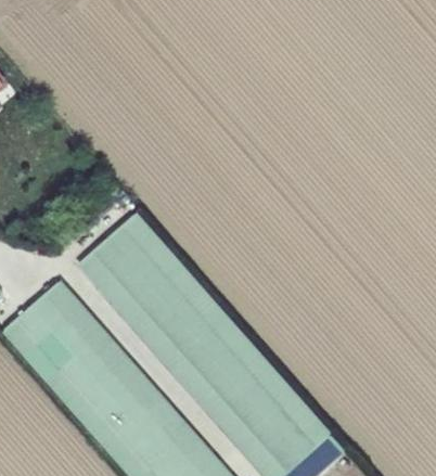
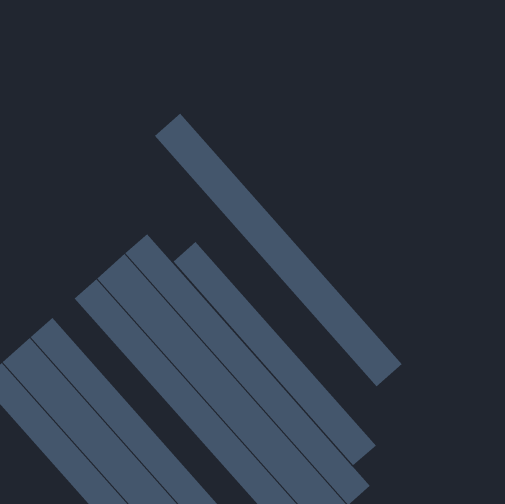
building: none -> [154,113,403,387]
building: none -> [173,241,377,466]

